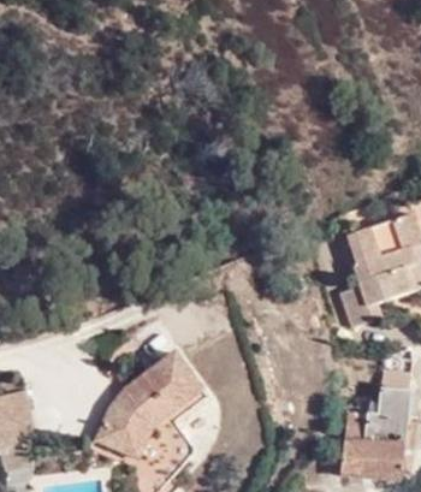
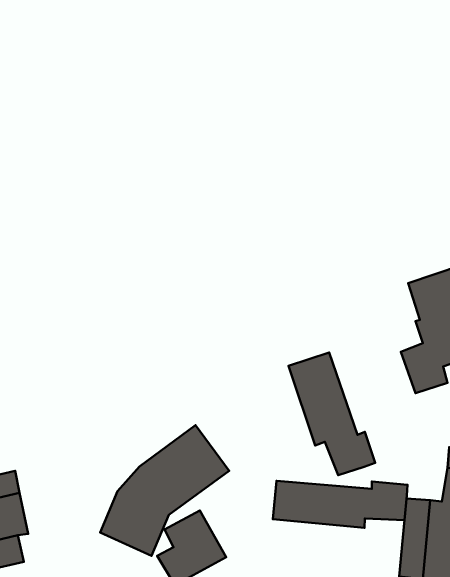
building: none -> [289,353,375,475]
building: none -> [273,481,408,528]

